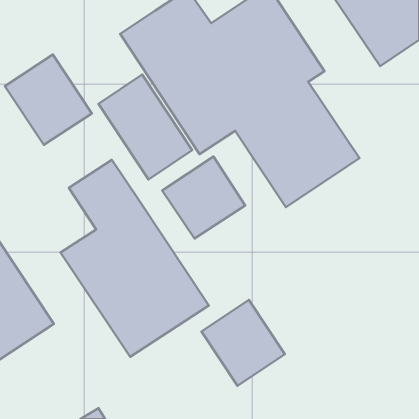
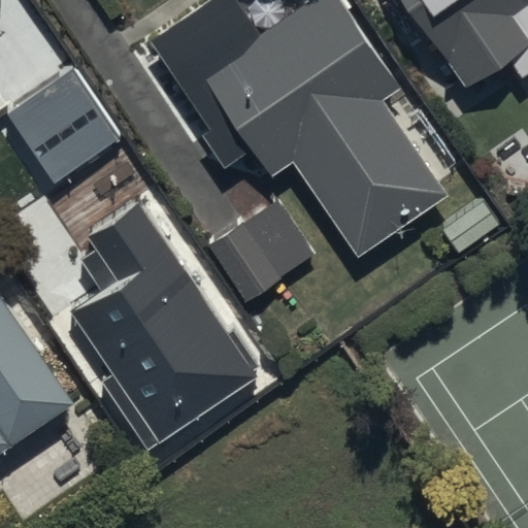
building: [99,74,192,179] -> none
building: [201,300,285,386] -> none

